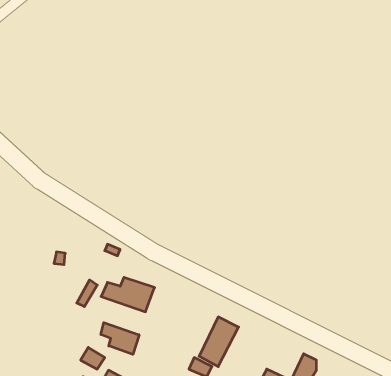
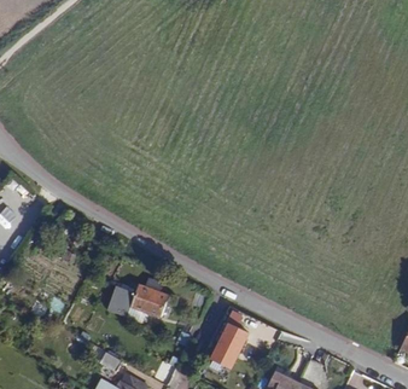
building: [101,323,139,354] -> none

